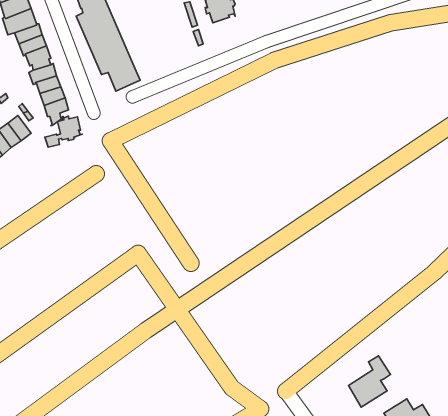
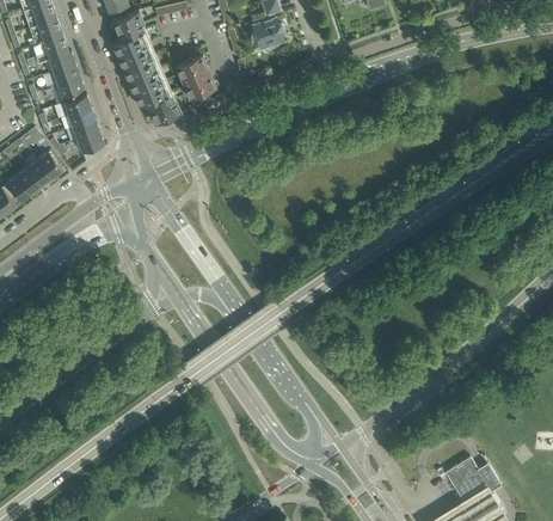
building: none -> [176,54,216,99]
building: [45,116,82,147] -> none
building: [348,356,390,407] -> none

